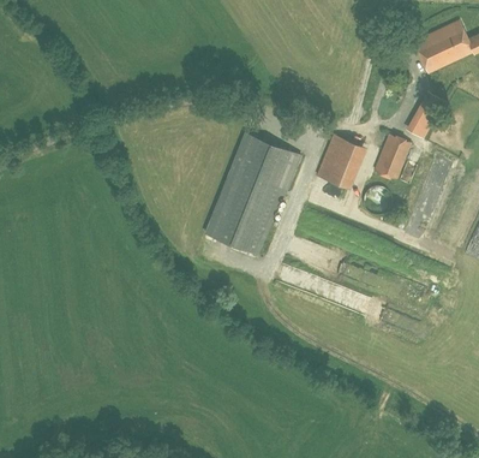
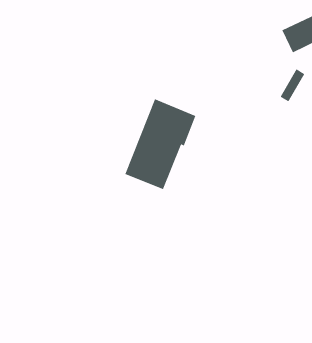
building: [316,133,366,189] -> none
building: [375,133,411,179] -> none

